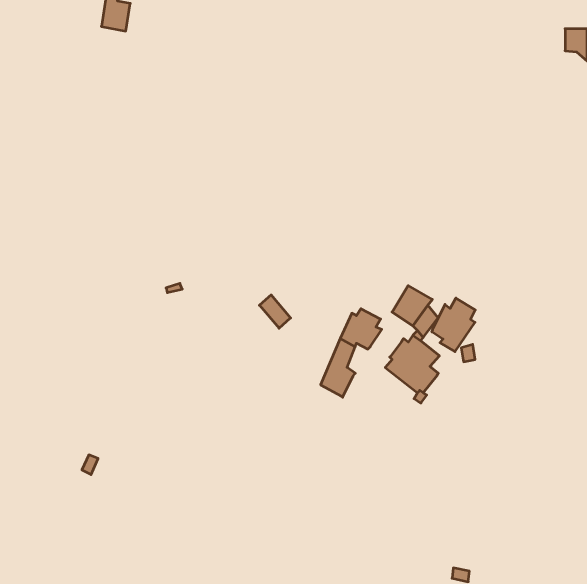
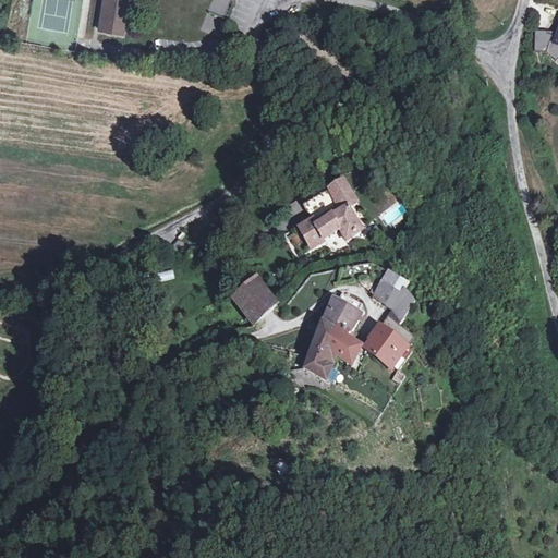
building: none -> [298,180,366,245]
building: [432,298,475,352] -> none
building: none -> [233,289,264,320]
building: none -> [328,325,359,363]

